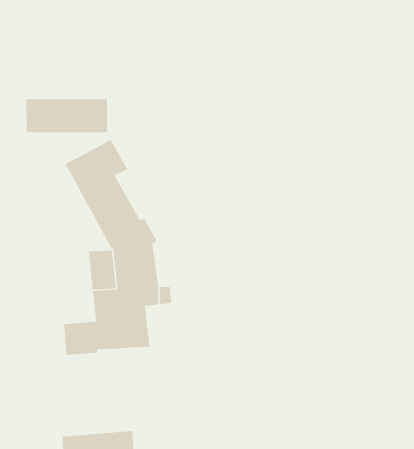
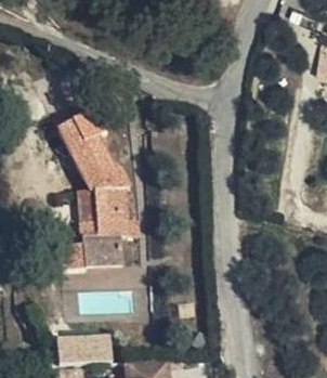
building: [26,98,108,133] -> none

